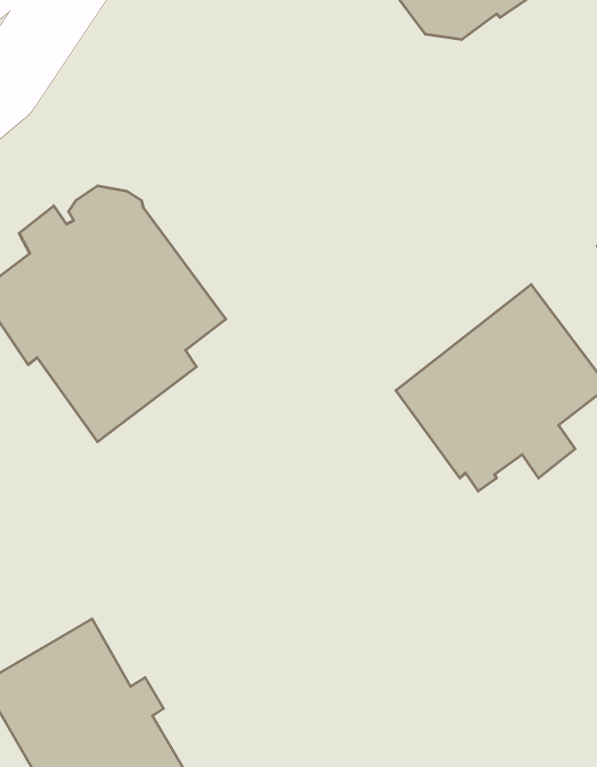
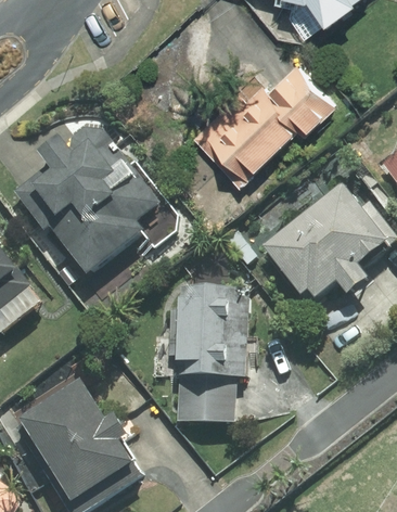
building: none -> [194,65,334,180]
building: none -> [177,283,249,422]

